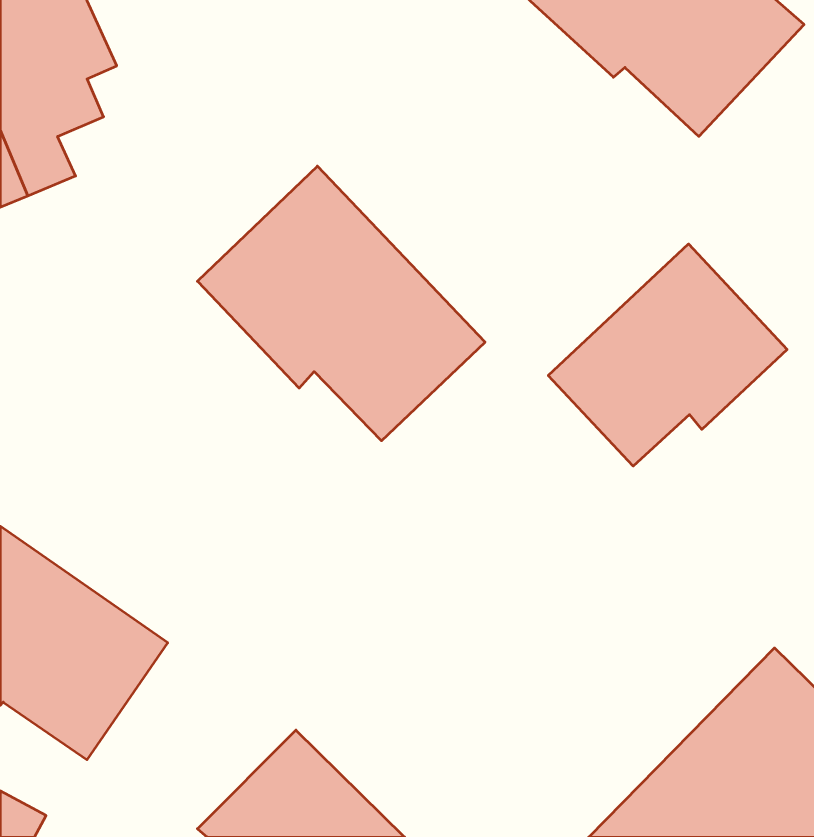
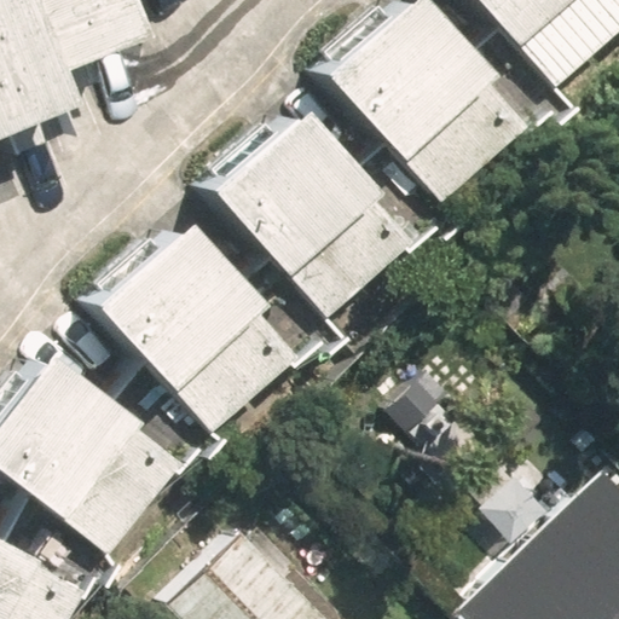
building: none -> [273,7,490,206]
building: [548,244,787,466] -> none
building: none -> [50,242,260,444]

